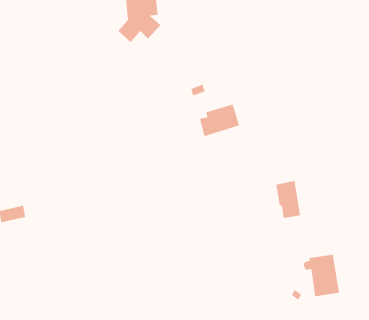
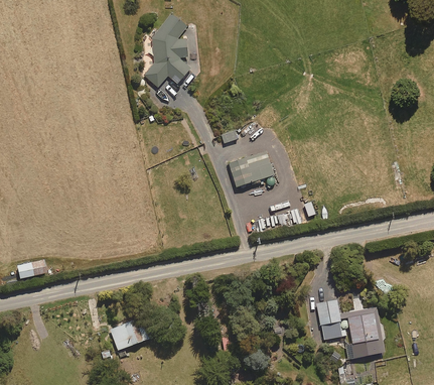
building: [275,181,301,218] -> [316,298,343,339]
building: none -> [110,318,152,349]

